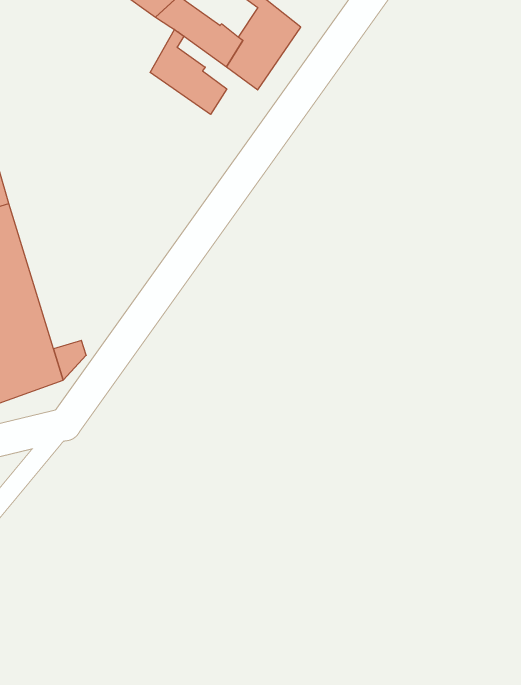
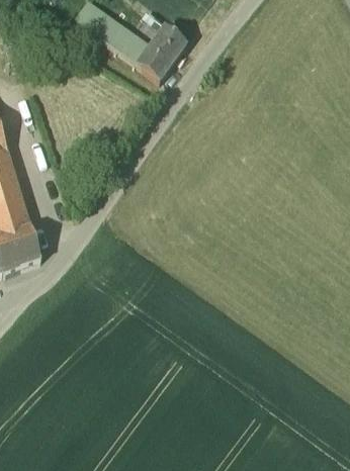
building: [150,29,227,114] -> none

